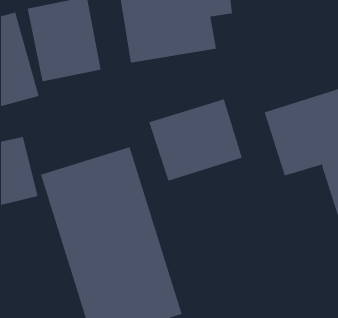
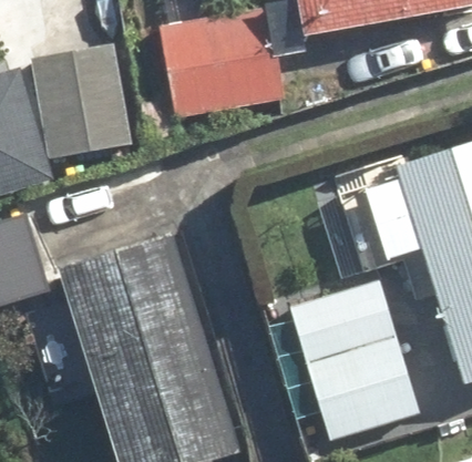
building: [148,98,243,182] -> none
building: none -> [289,277,420,441]

